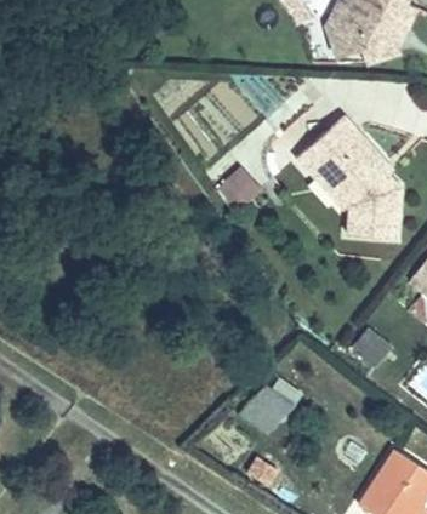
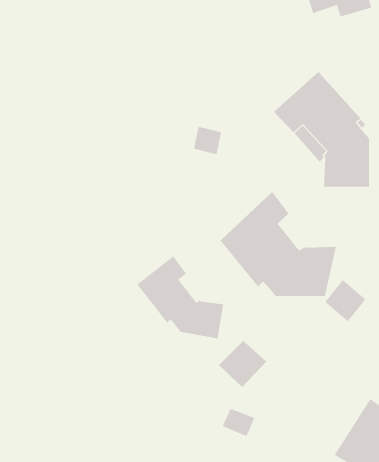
building: none -> [220,191,337,297]
building: none -> [136,255,224,339]

